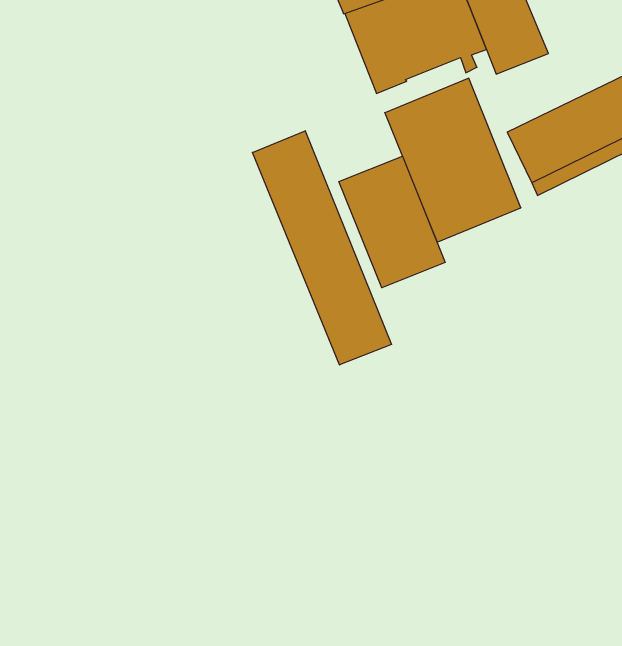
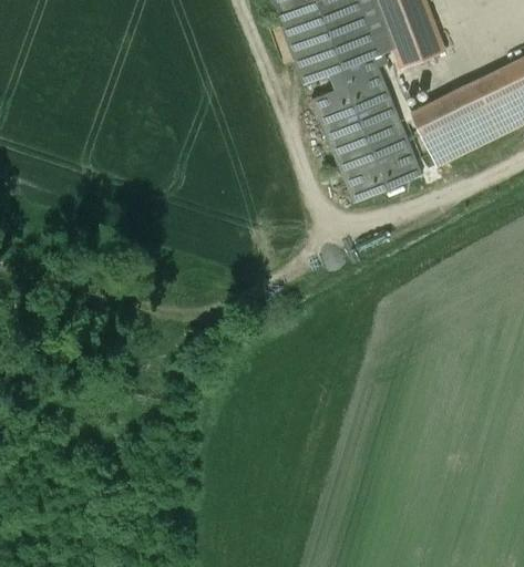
building: [252,131,391,365] -> none
building: [339,156,445,288] -> none

